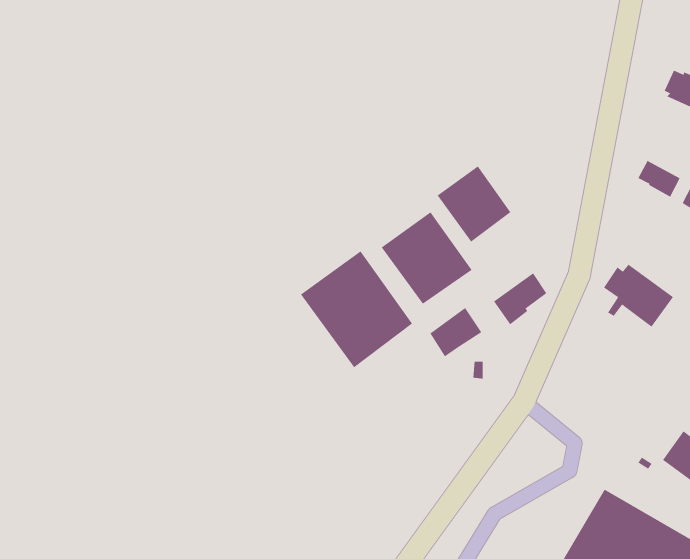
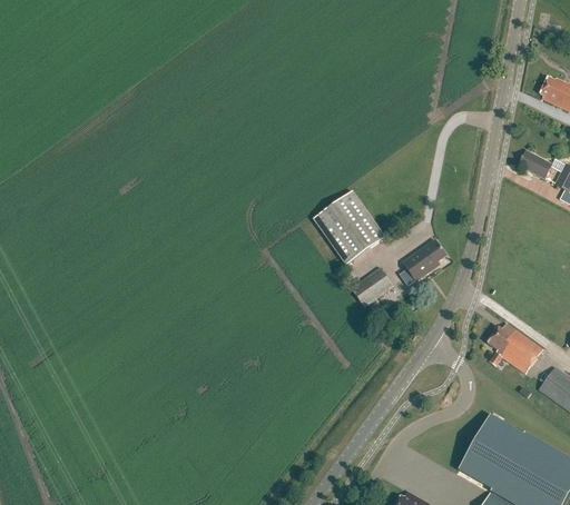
building: [437,166,511,242] -> none
building: [300,251,413,368] -> none
building: [603,264,674,328] -> [485,323,542,374]

